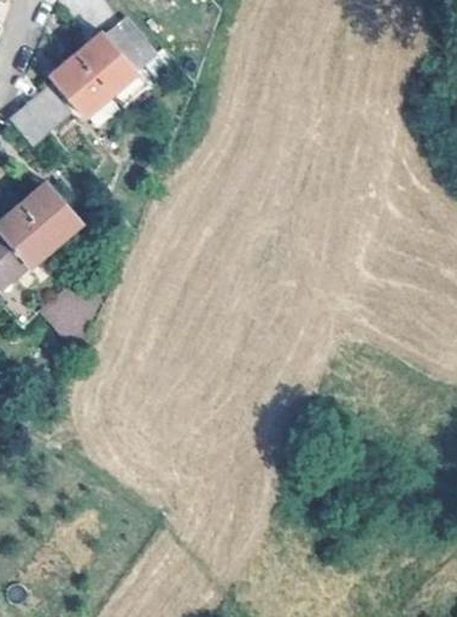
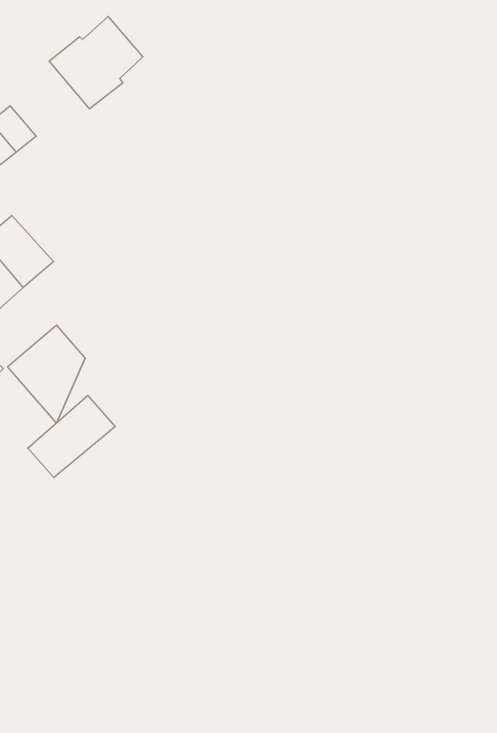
building: [46,54,107,117] -> none
building: none -> [28,395,115,478]

